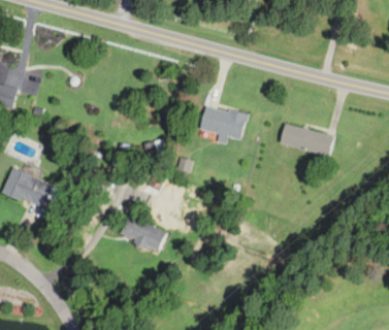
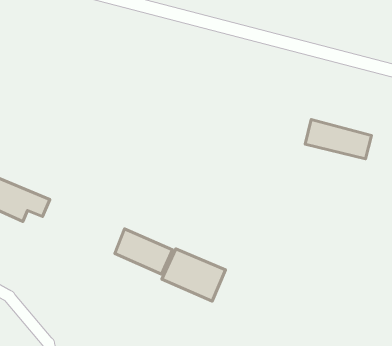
building: [199,103,249,141] -> none
building: none -> [162,249,225,301]

